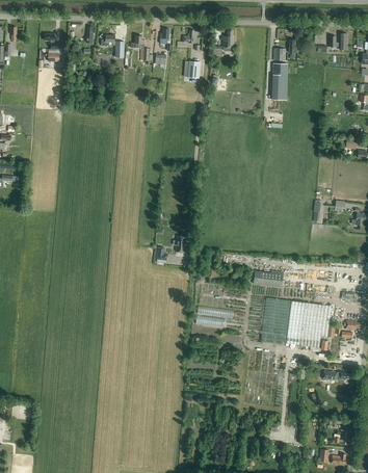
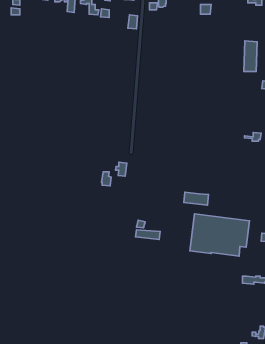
building: [272,62,288,99] -> [244,41,257,71]

